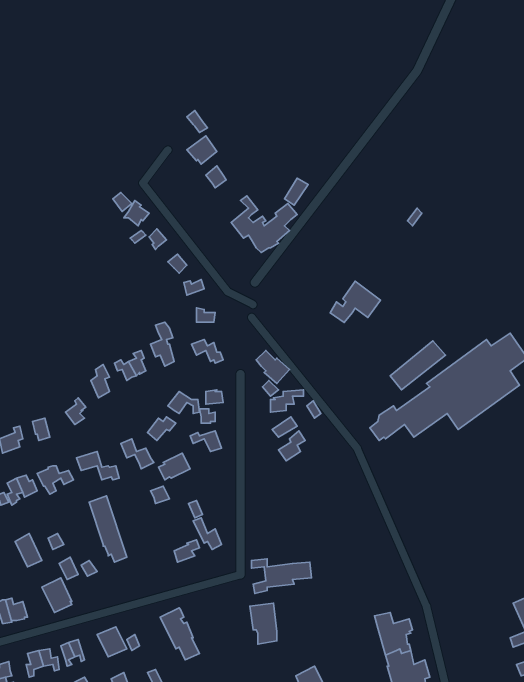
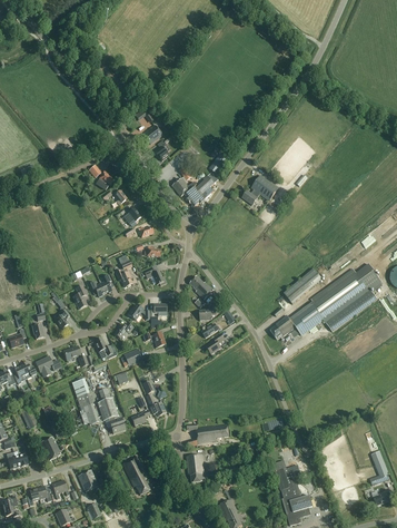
building: [330,281,381,322] -> [242,175,278,204]
building: none -> [98,388,126,433]

